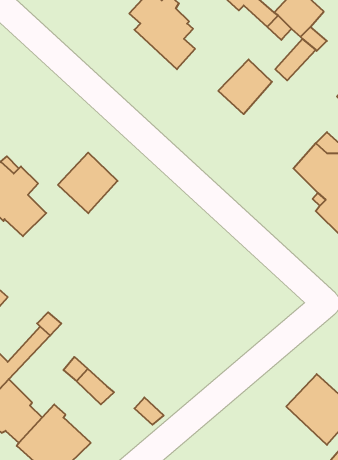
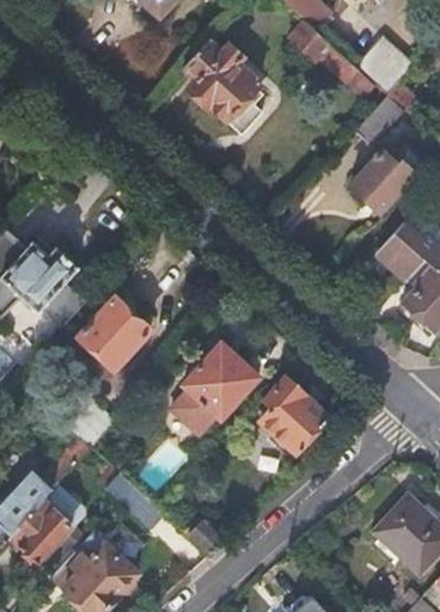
building: [218,59,272,114] -> [350,148,414,213]
building: [58,153,118,213] -> [79,299,149,371]
building: none -> [172,345,259,435]
building: none -> [261,381,329,455]

